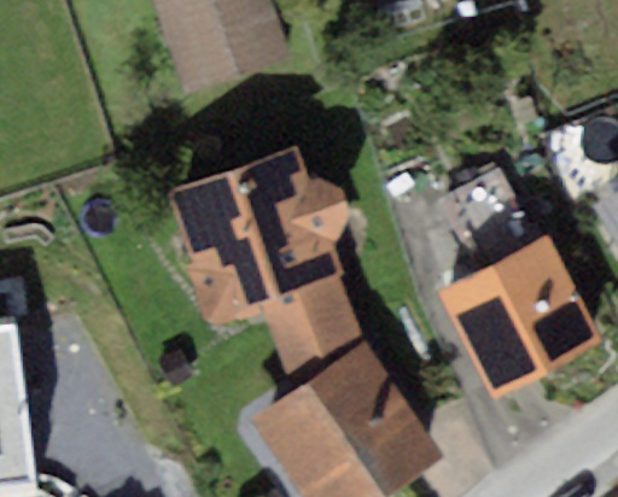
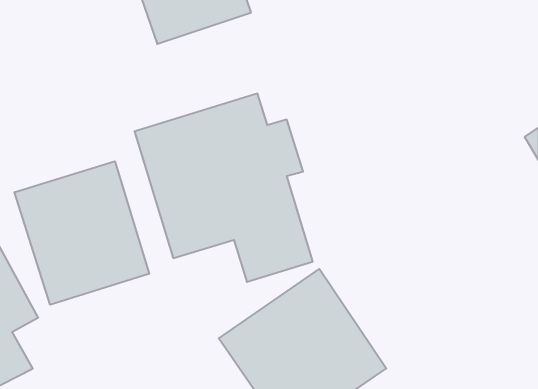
building: none -> [15,161,149,305]
building: [442,236,597,390] -> none

